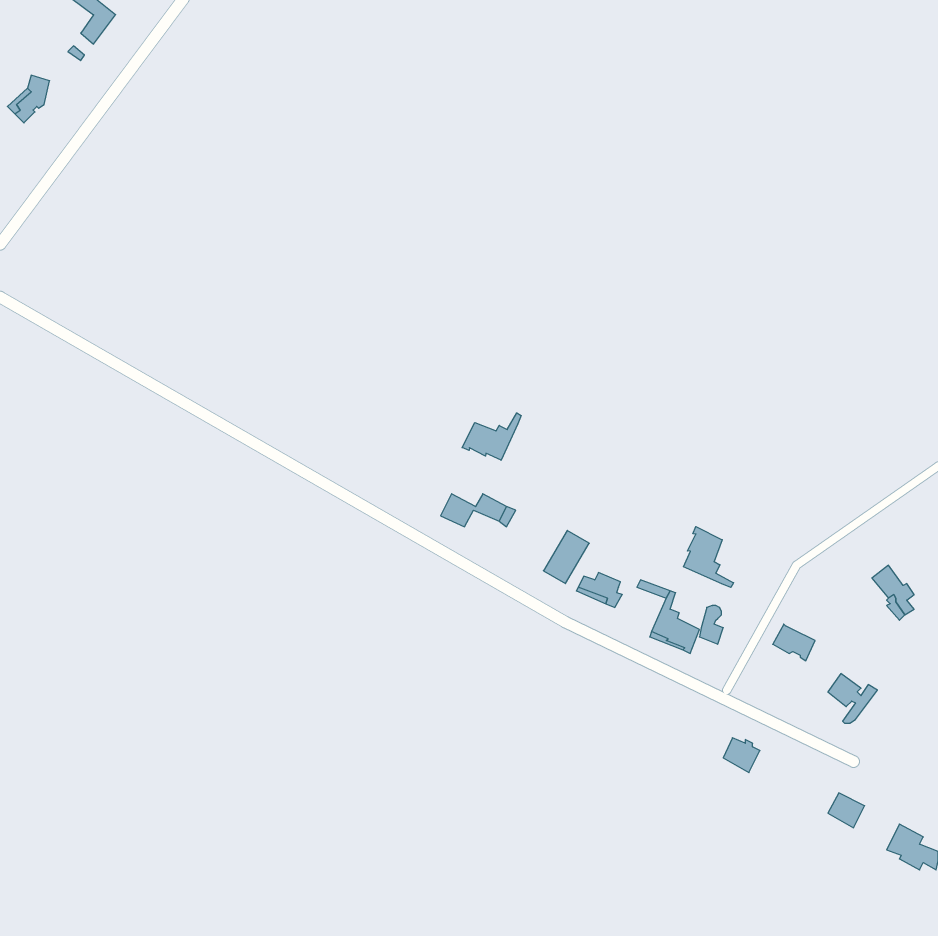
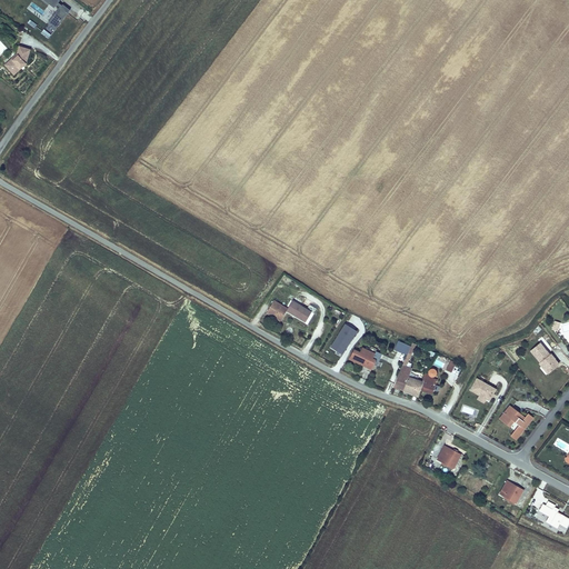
building: [462,413,521,460] -> none
building: [683,527,734,587] -> none

